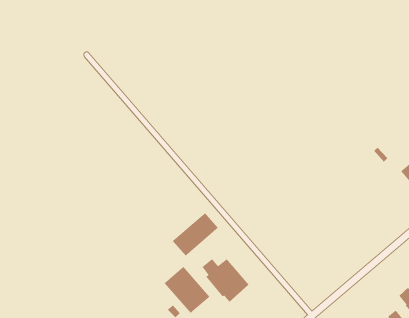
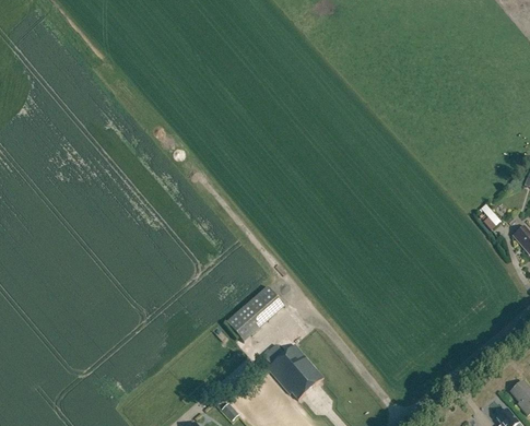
building: [164,266,211,314] -> none

